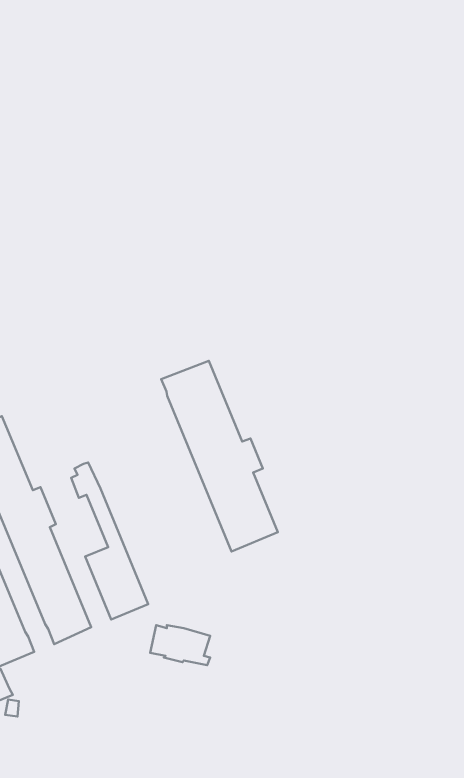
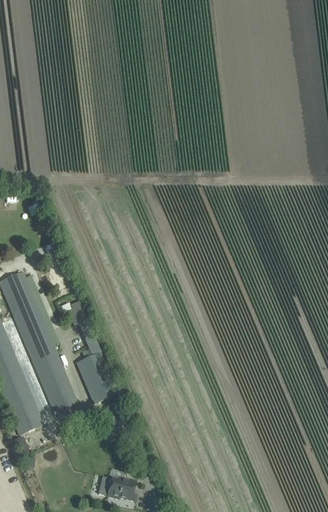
building: [161,361,278,551] -> none
building: [150,625,210,665] -> [98,474,137,500]

